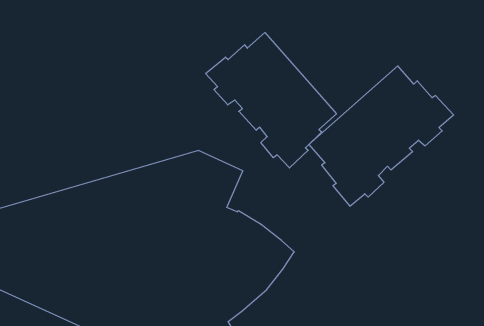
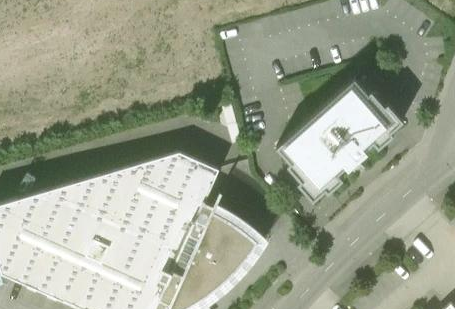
building: [206,33,336,168] -> none

